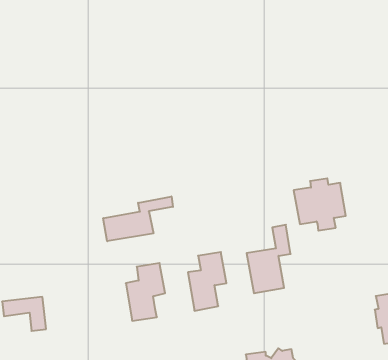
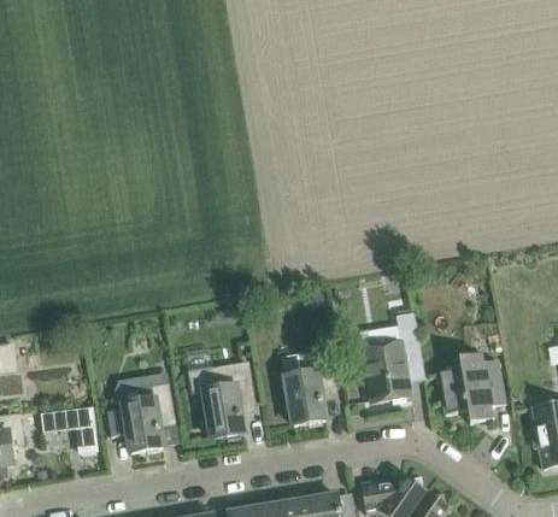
building: [294,178,346,231] -> [435,354,504,423]
building: [103,196,173,241] -> none
building: none -> [105,383,171,453]

